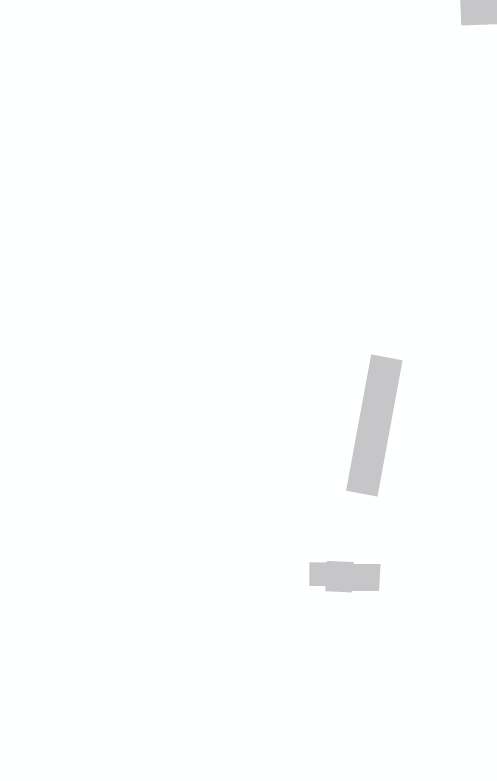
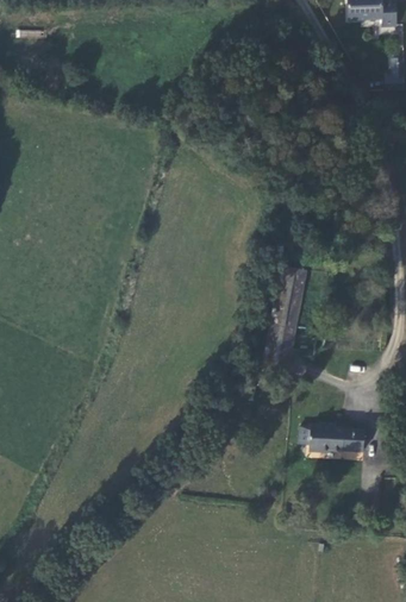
building: [309,560,381,593] -> [311,427,366,452]

